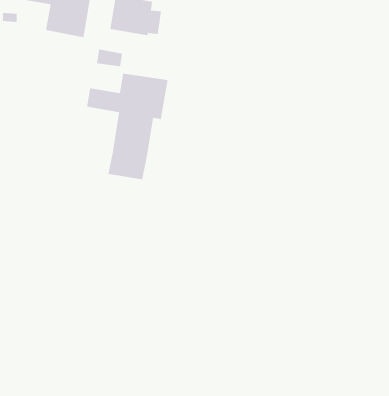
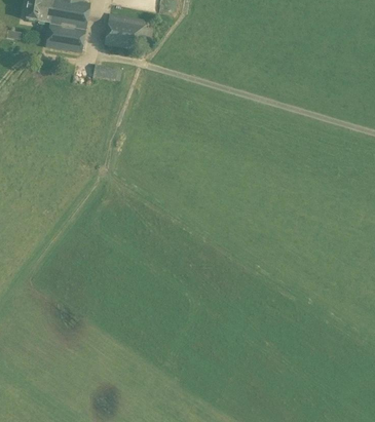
building: [87,73,168,180] -> none

